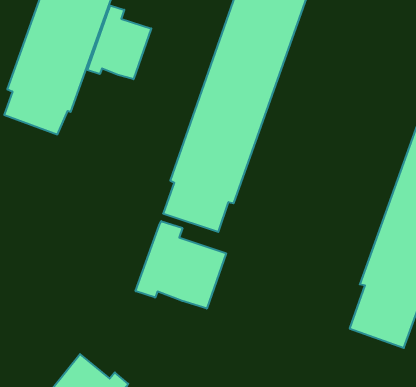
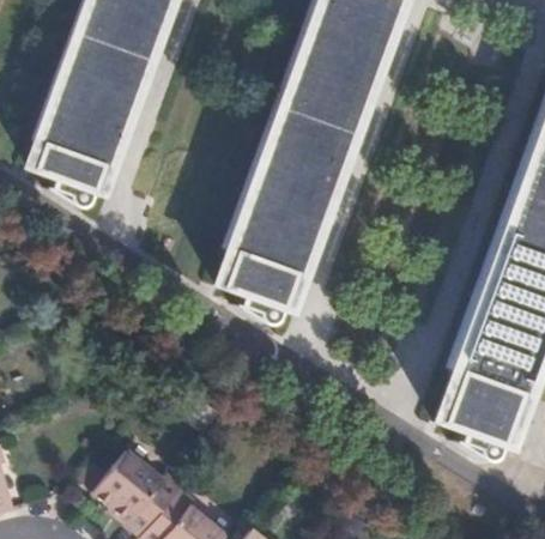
building: [87,6,151,79] -> none
building: [136,221,226,309] -> none

